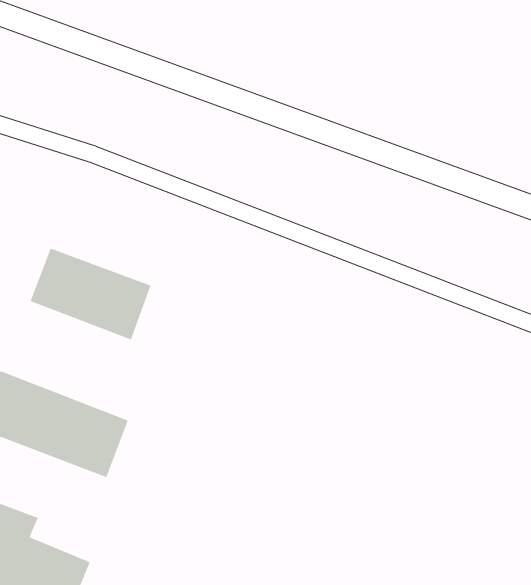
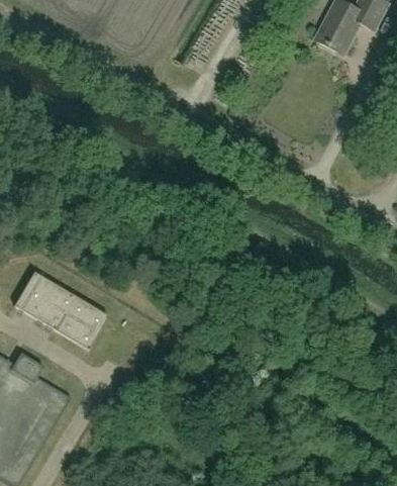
building: [30,248,151,340] -> none

